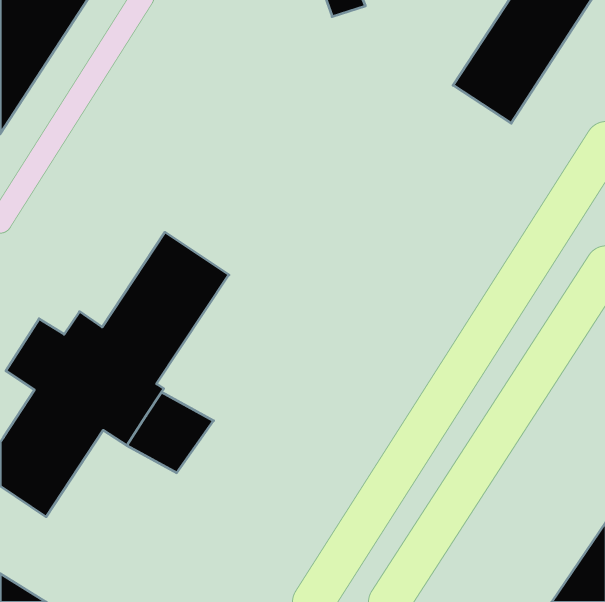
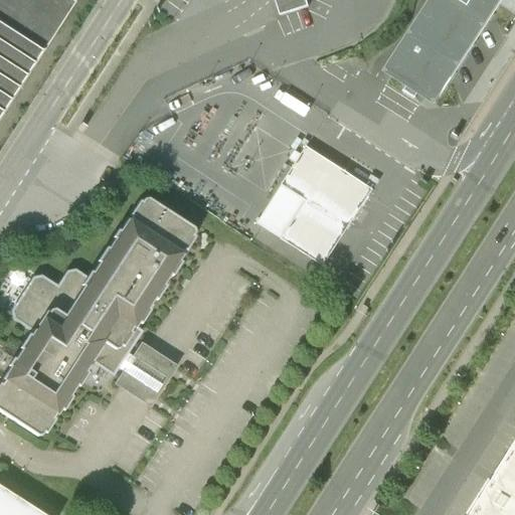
building: none -> [262,145,375,264]

